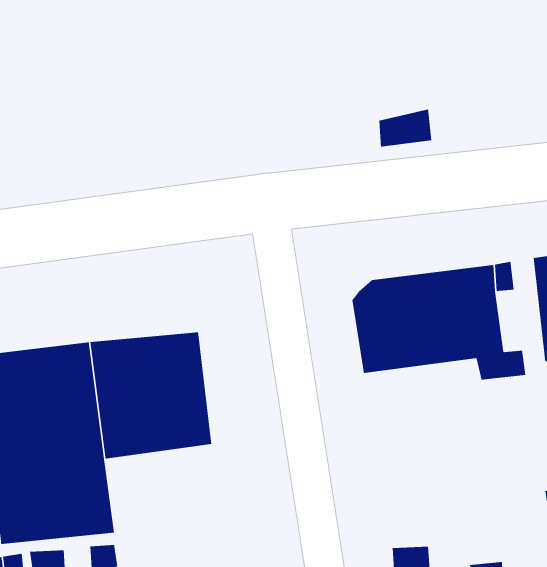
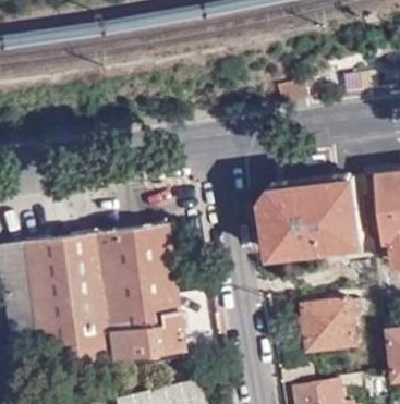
building: none -> [102,298,178,356]
building: none -> [301,299,361,351]

